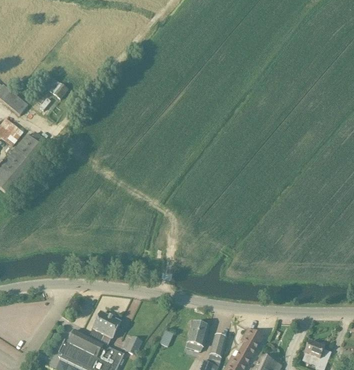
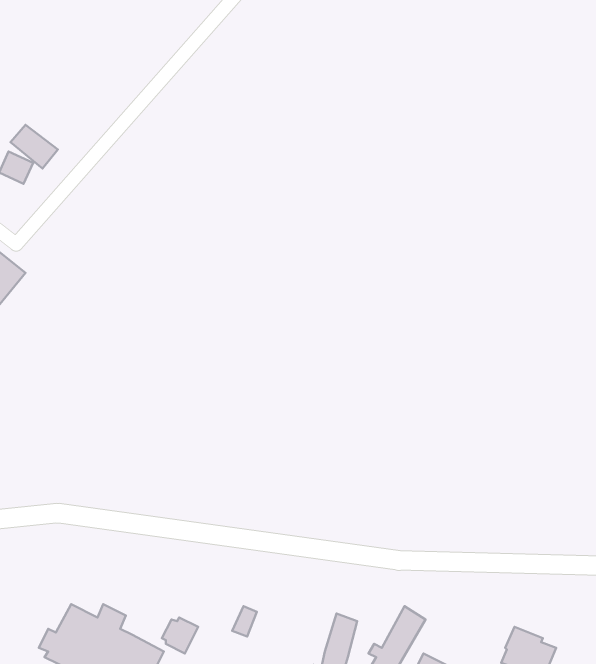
building: [92,312,120,345] -> none
building: [186,322,209,351] -> none

